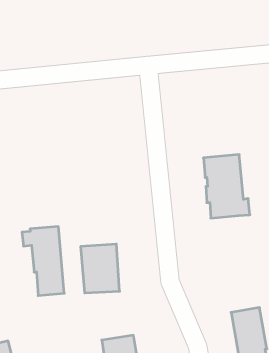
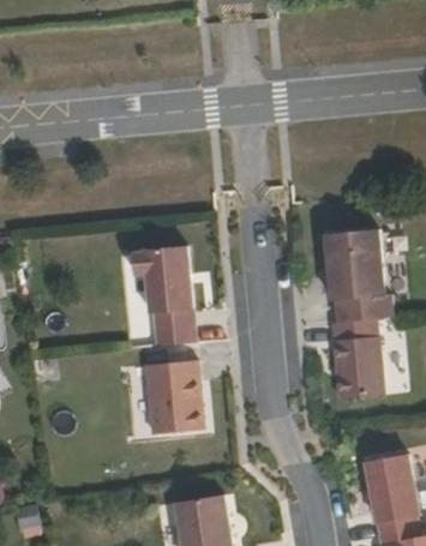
building: none -> [335,319,383,398]
building: [22,227,64,296] -> [134,245,197,347]

